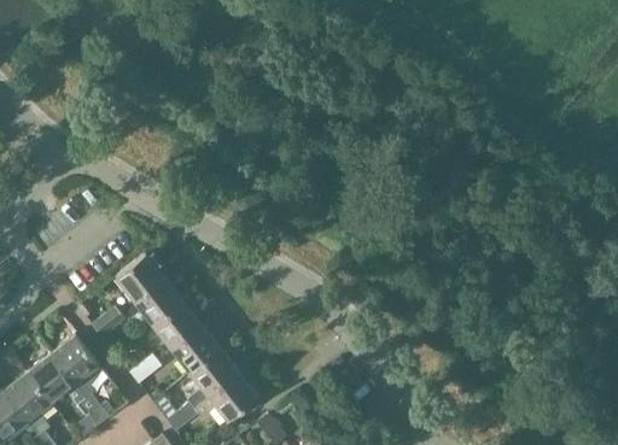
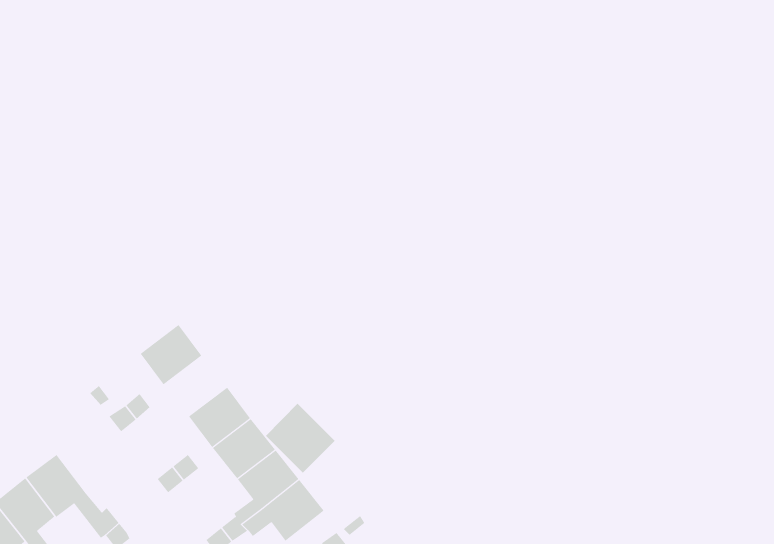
building: [134,277,183,324] -> none
building: none -> [265,403,335,474]
building: [52,334,103,398] -> none

